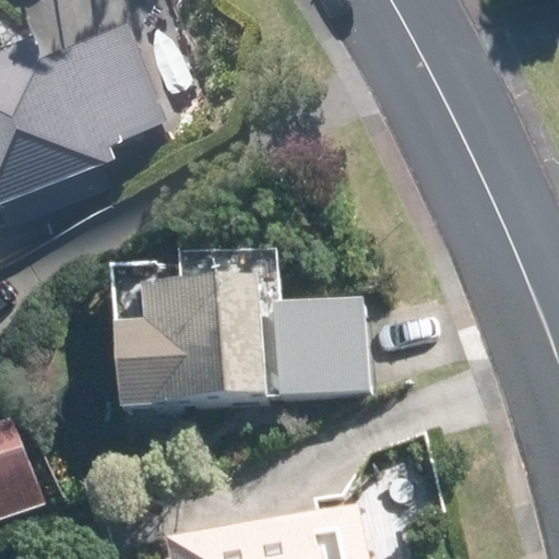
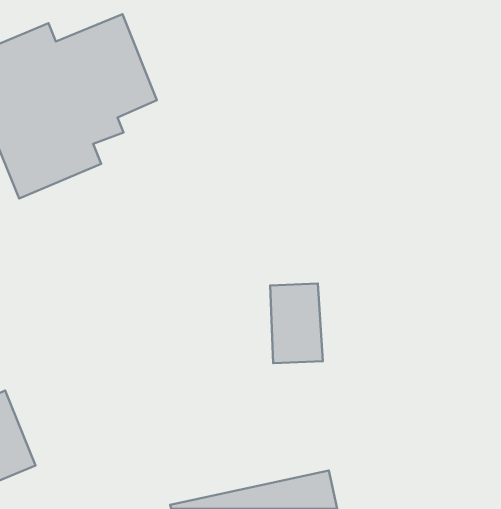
building: [122,253,271,399] -> none

